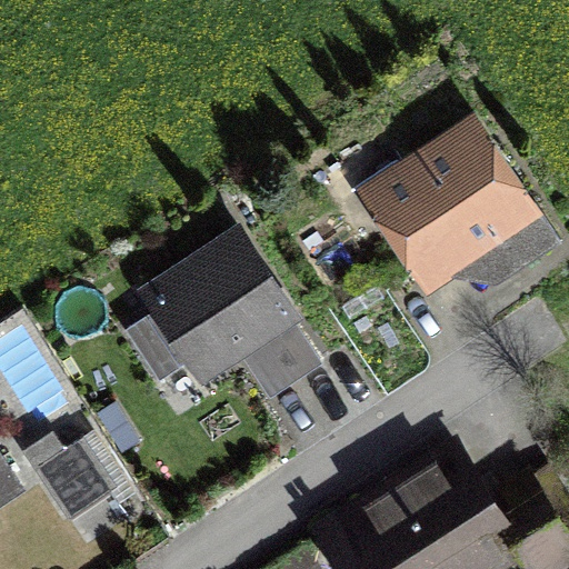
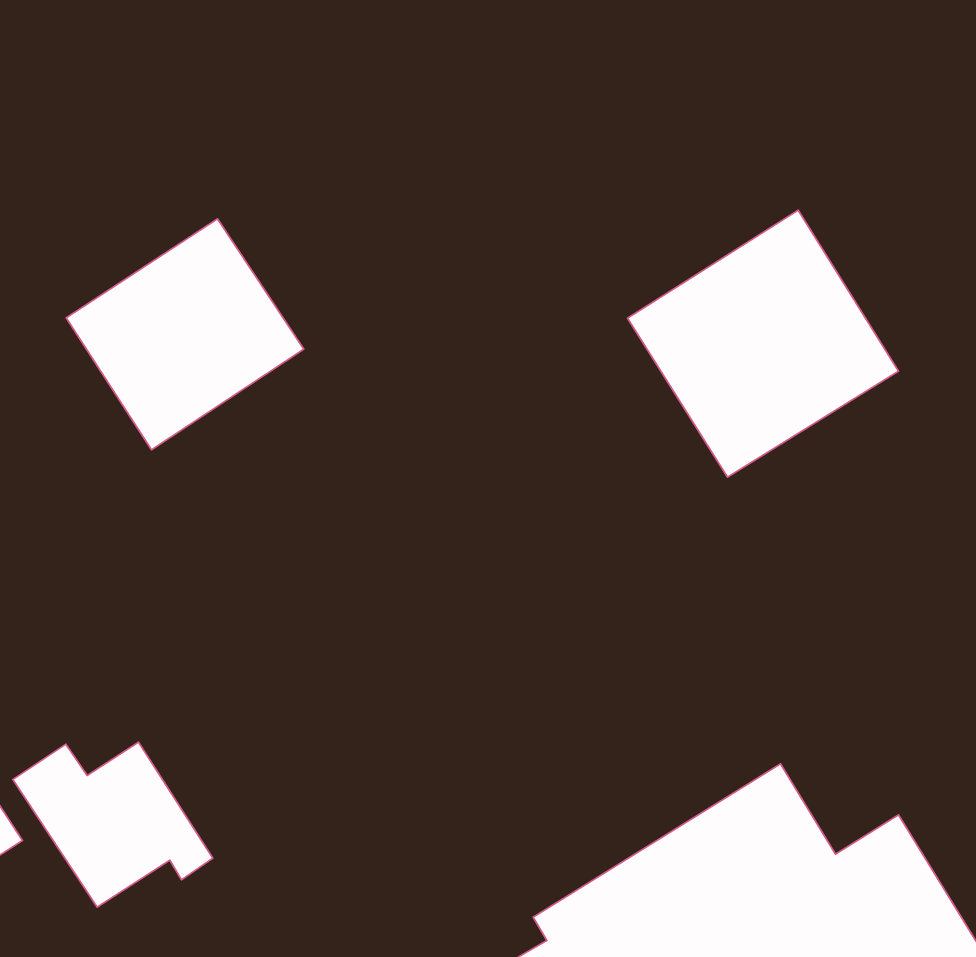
building: none -> [66,219,304,450]
building: [123,224,322,405] -> none

